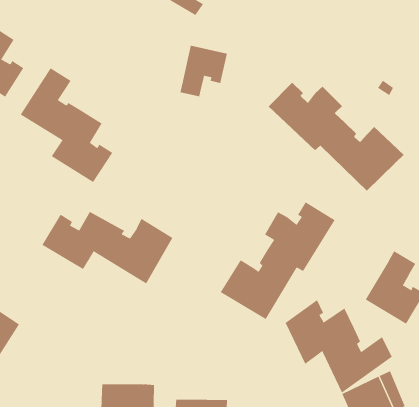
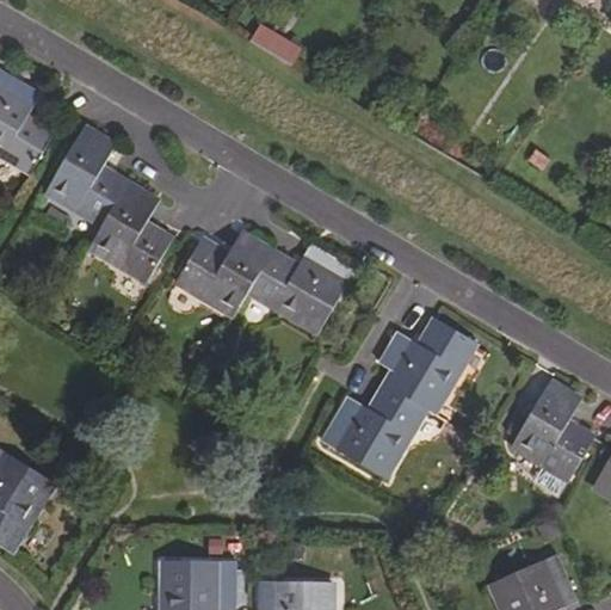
building: [180,45,227,97] -> none
building: [268,82,405,191] -> none
building: [42,211,173,284] -> [179,239,356,337]
building: [285,299,392,394] -> none

